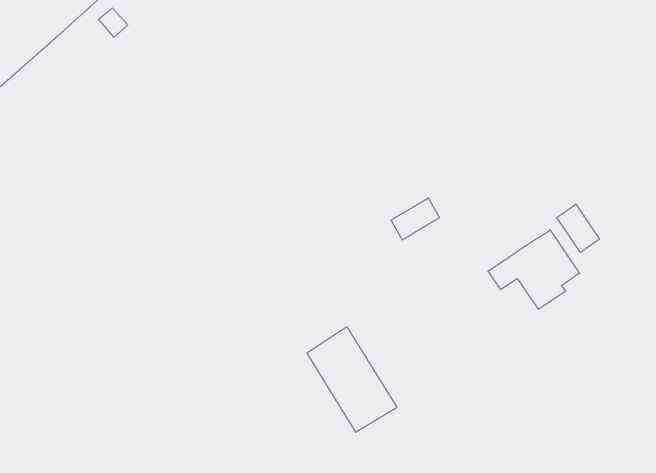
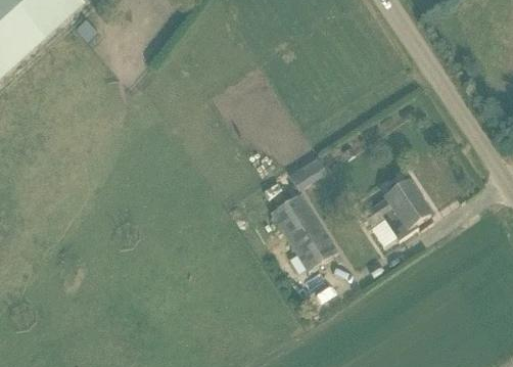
building: [557,204,600,252] -> none
building: [307,327,397,432] -> [271,190,337,268]

